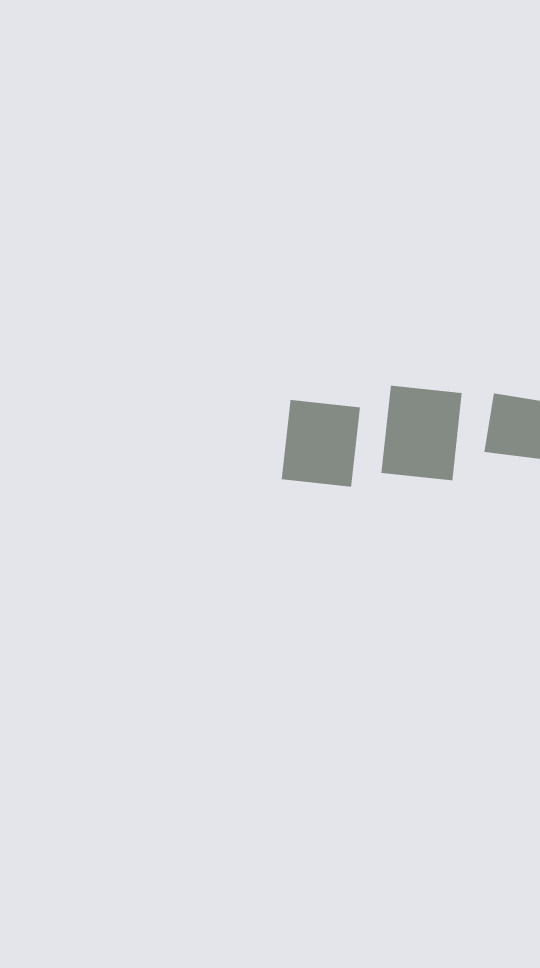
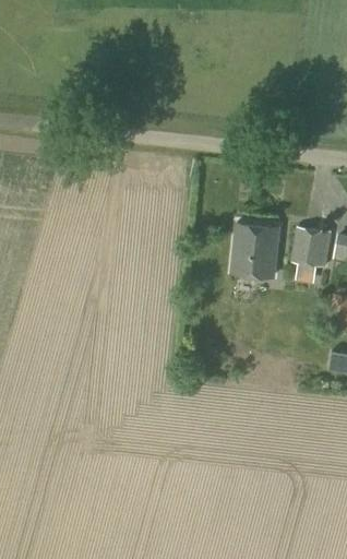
building: [281,399,361,487] -> none

